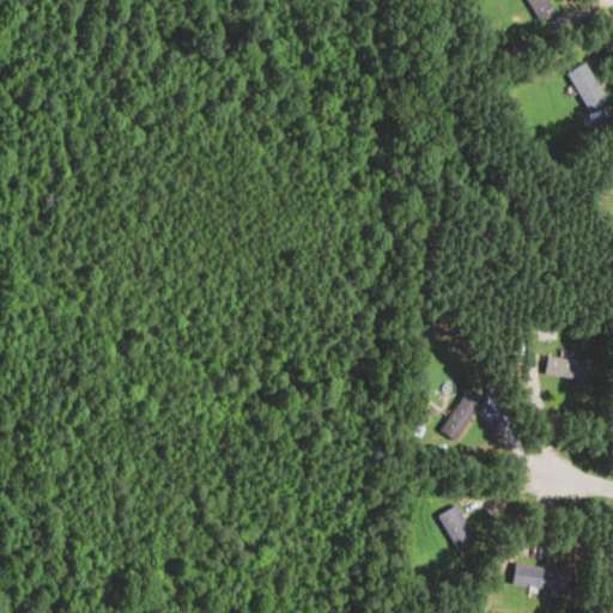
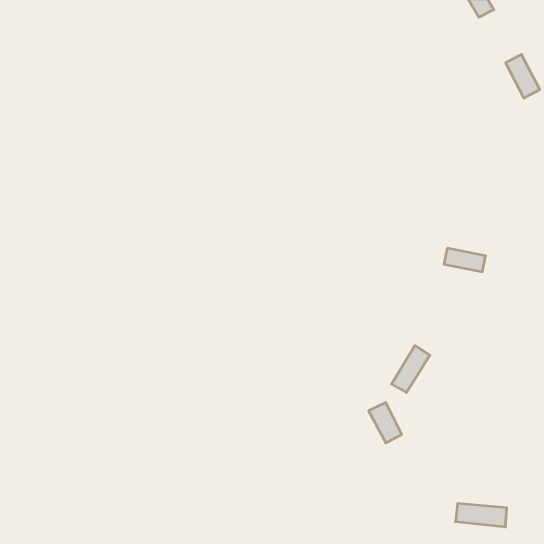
building: [542,354,589,381] -> [444,248,486,272]
building: [438,505,475,551] -> [369,402,402,443]

